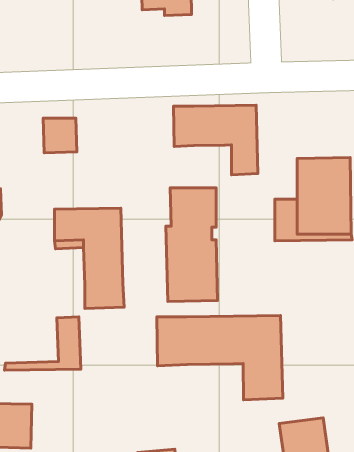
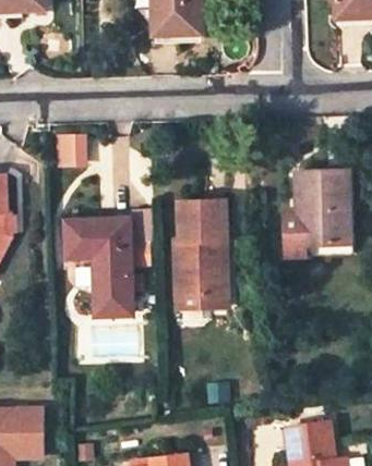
building: [174,105,258,175] -> none
building: [157,316,283,400] -> none
building: [5,317,81,370] -> none

